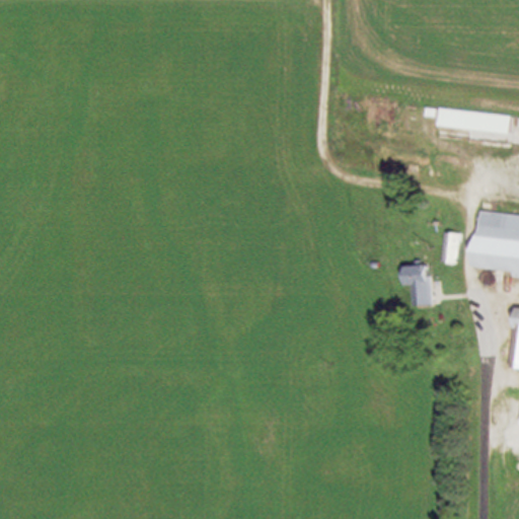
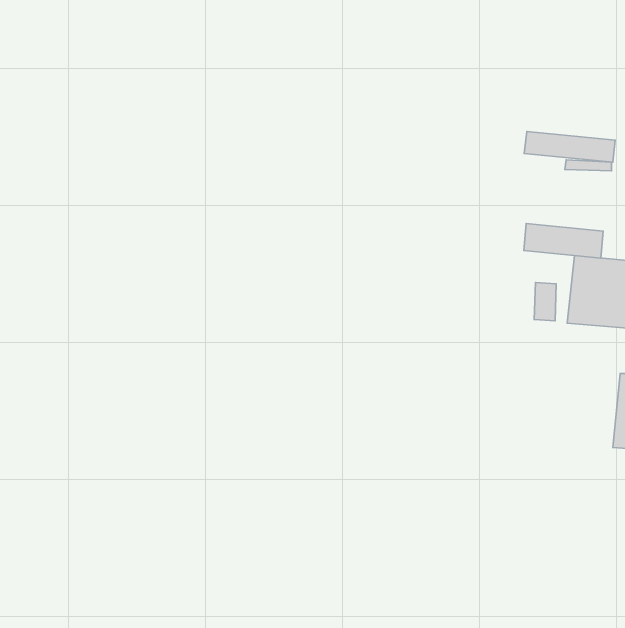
building: none -> [524,224,603,258]
building: [399,265,434,307] -> none

